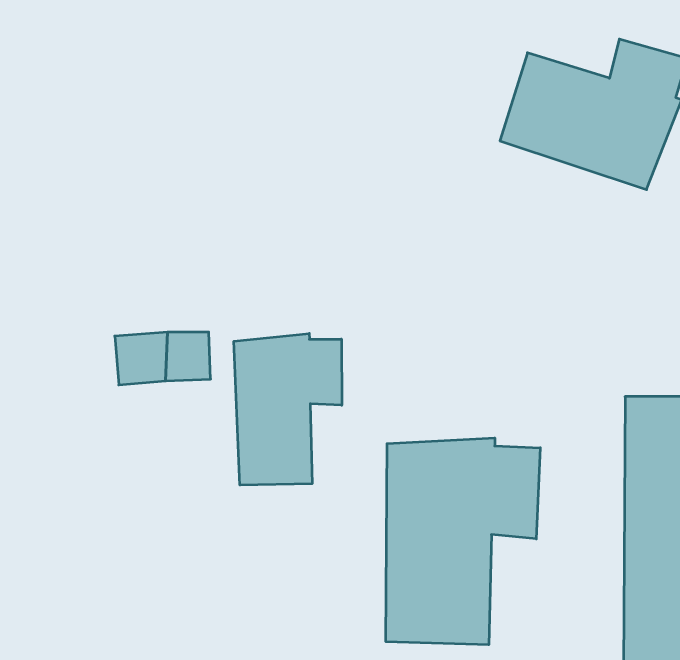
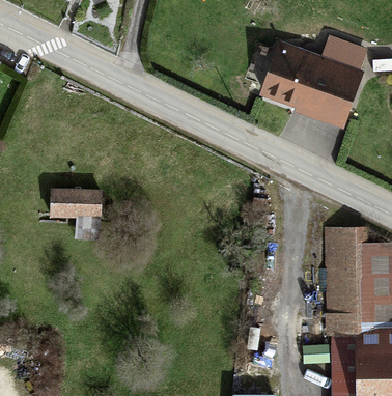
building: [234,333,342,485] -> none
building: [386,438,540,645] -> none

